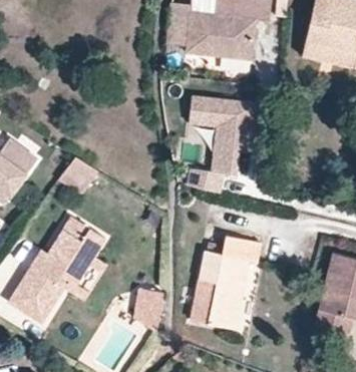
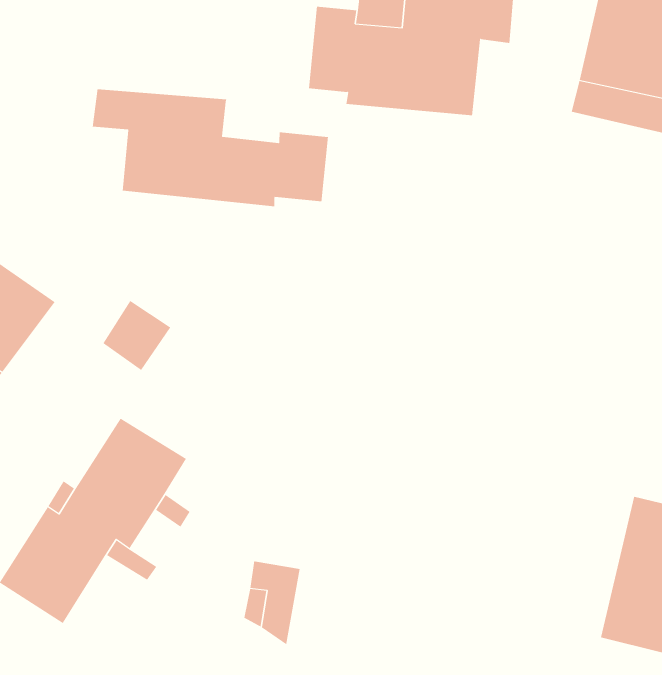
building: none -> [92,88,328,207]
building: [187,93,258,191] -> none
building: [191,236,261,329] -> none

